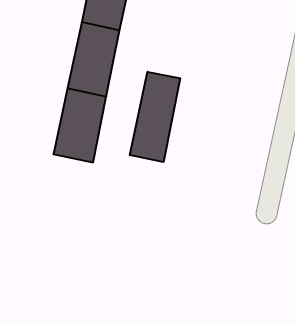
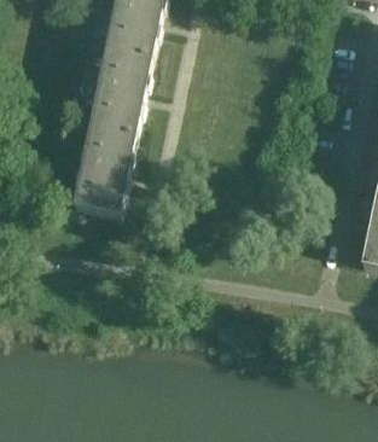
building: [130,72,180,162] -> none

